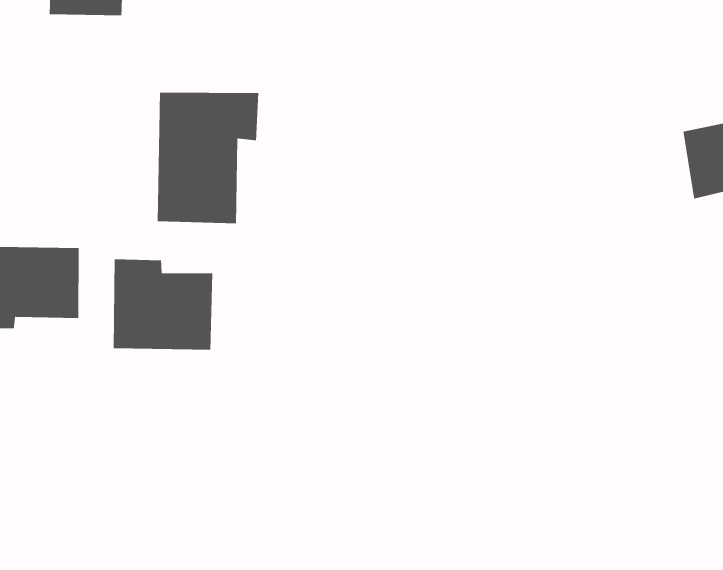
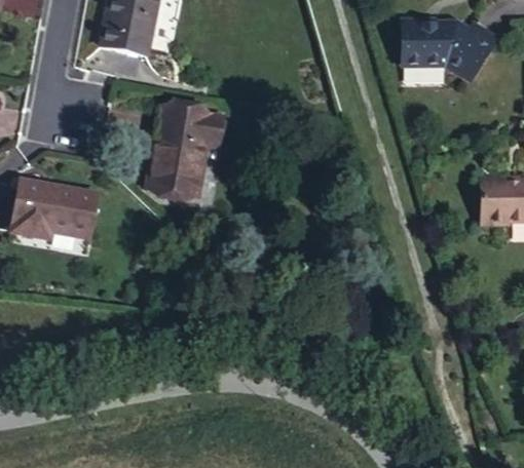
building: [113,258,213,350] -> none

